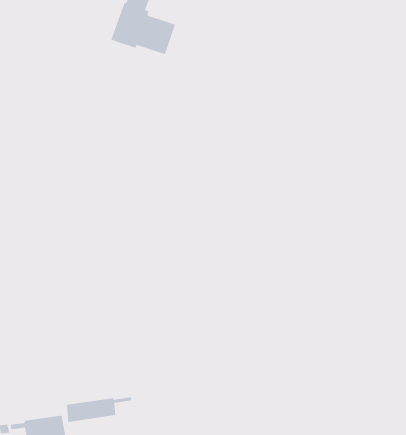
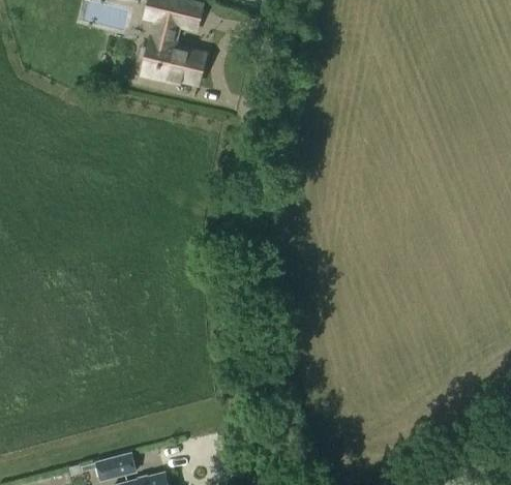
building: [66,396,132,423] -> none

